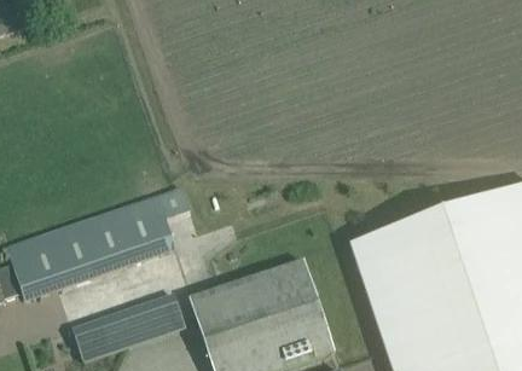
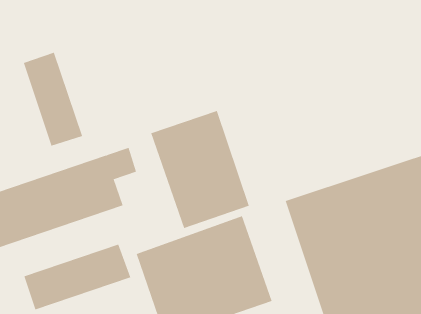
building: none -> [23,52,83,146]
building: none -> [150,110,249,229]

